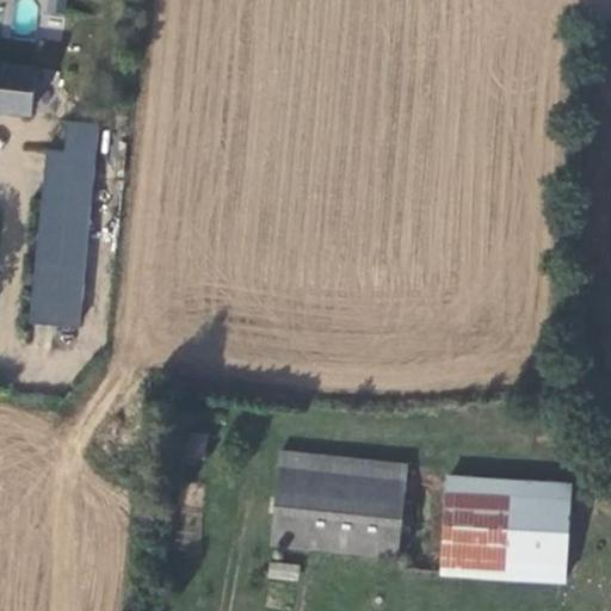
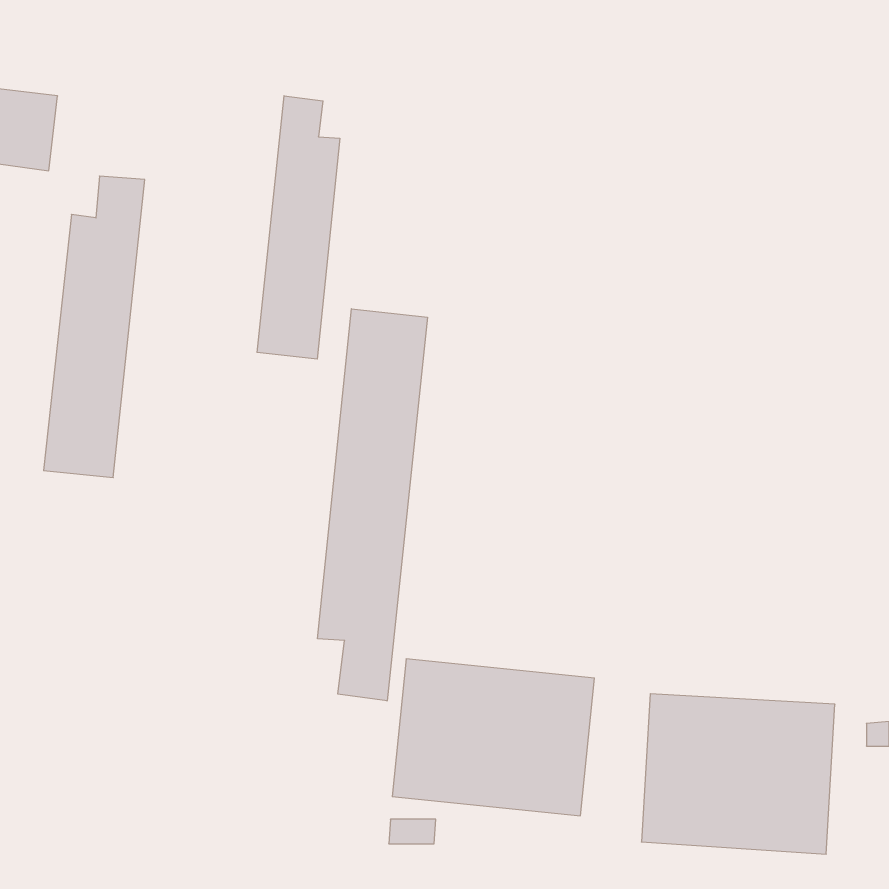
building: none -> [257,96,340,359]
building: none -> [318,309,427,701]

